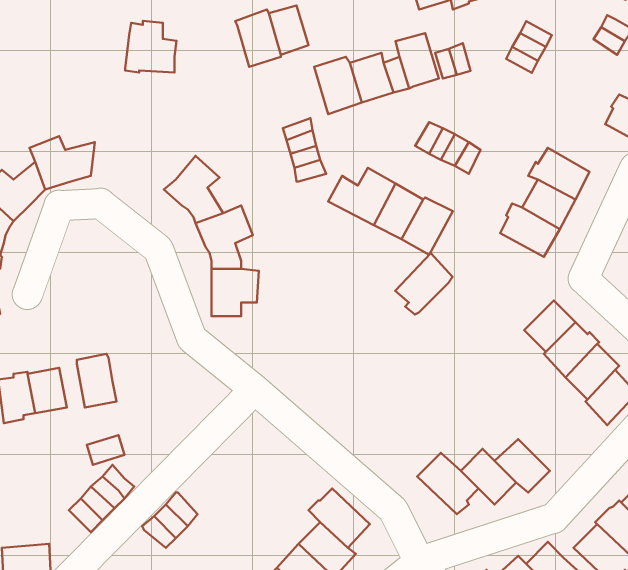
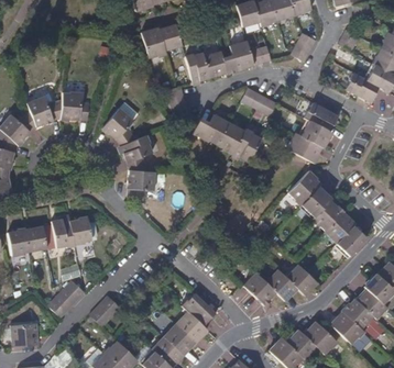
building: [125,21,177,72] -> [61,92,89,121]
building: [395,253,453,315] -> [288,171,320,205]
building: none -> [70,215,92,244]

